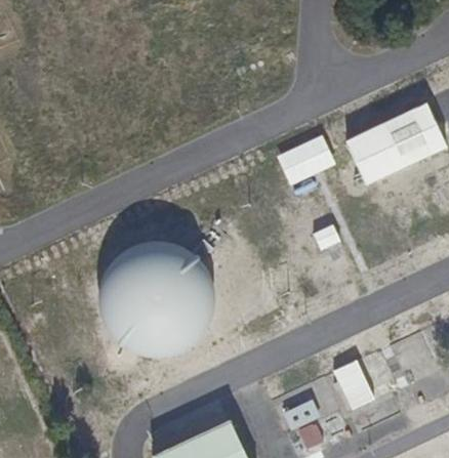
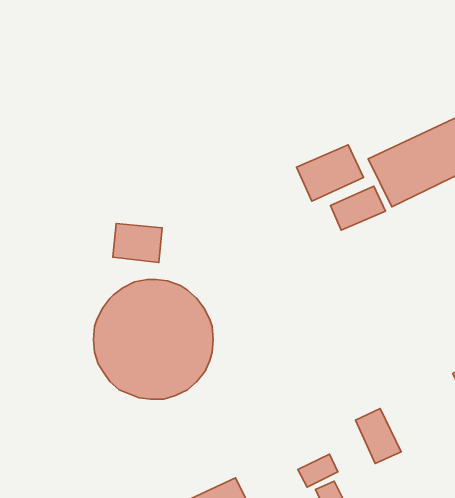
building: none -> [330,186,385,230]
building: none -> [113,224,162,263]

